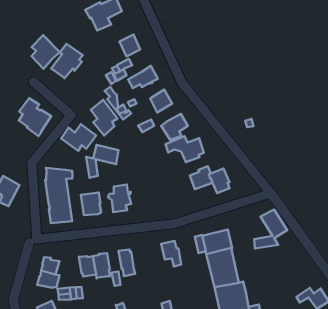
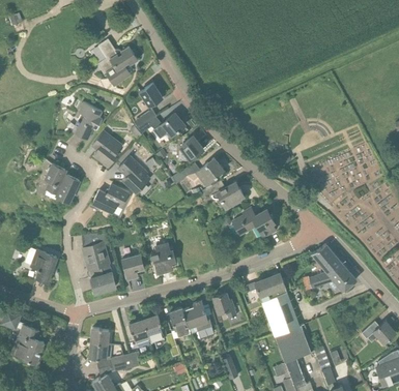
building: [31,35,60,69] -> [93,130,123,166]
building: [86,145,118,178] -> none
building: none -> [326,265,355,292]
building: none -> [182,302,211,331]

